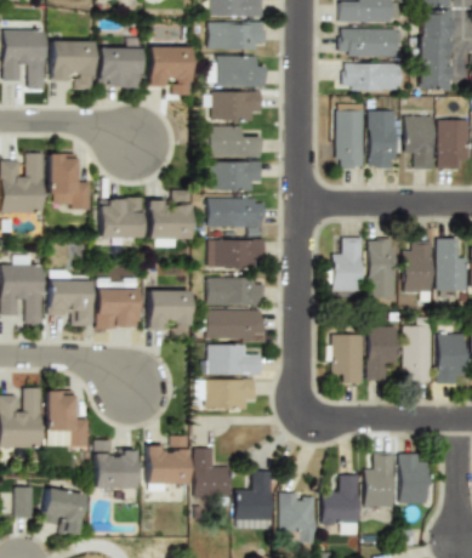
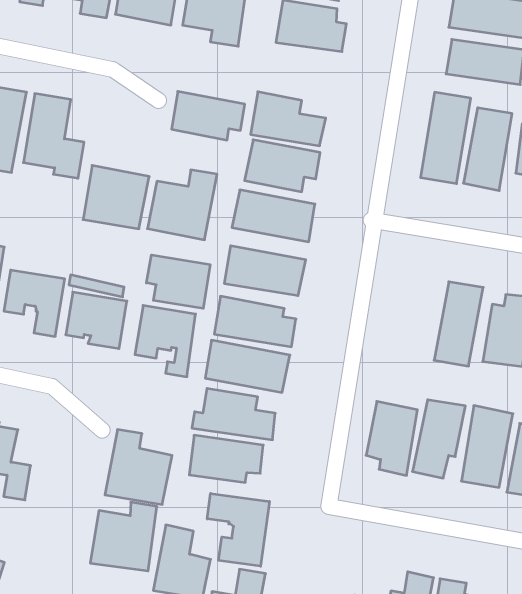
building: [212,91,262,120] -> [172,91,245,140]
building: [332,237,364,291] -> none
building: none -> [146,255,210,308]
building: none -> [207,493,269,566]
building: [92,439,136,488] -> [105,430,172,504]

